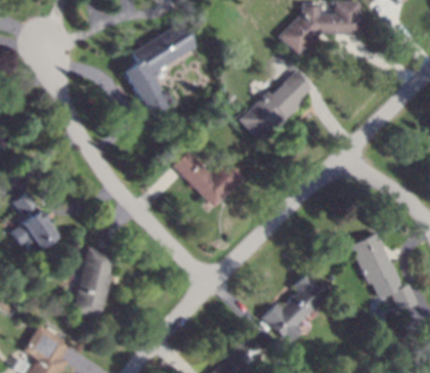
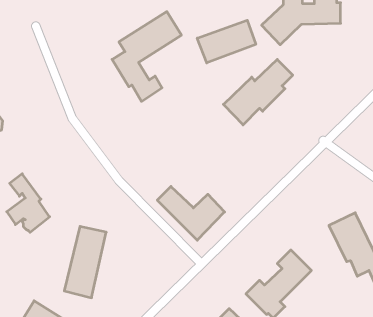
building: none -> [197,20,256,63]
building: [173,151,244,207] -> [157,186,225,240]

